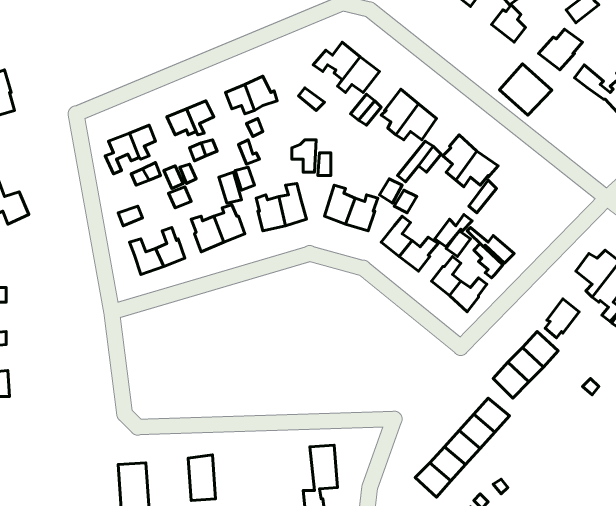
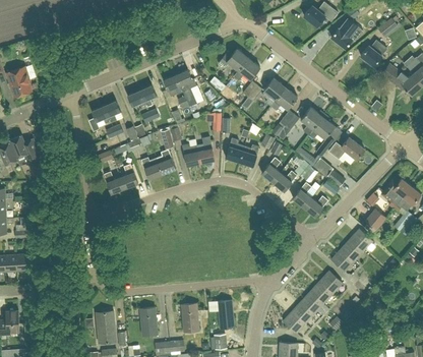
building: [500,64,552,115] -> none
building: none -> [327,137,364,160]
building: none -> [182,304,199,333]

